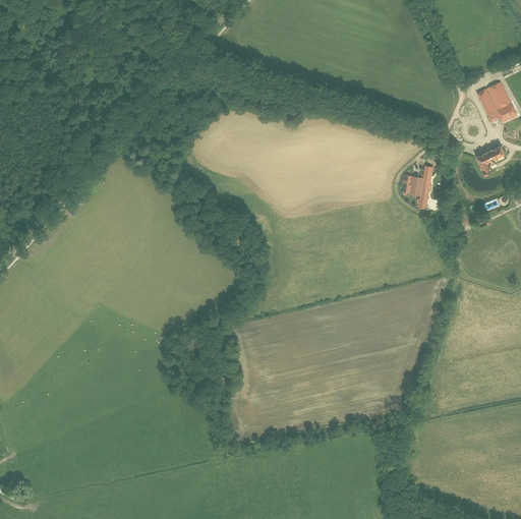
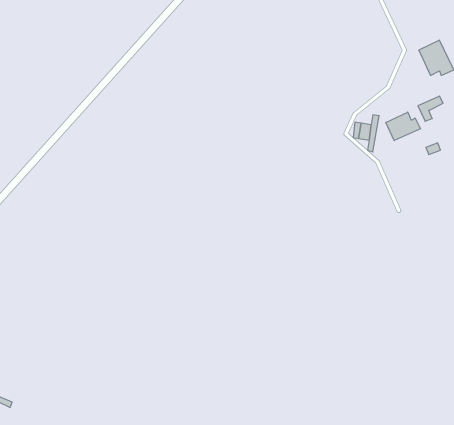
building: none -> [386,112,420,141]

